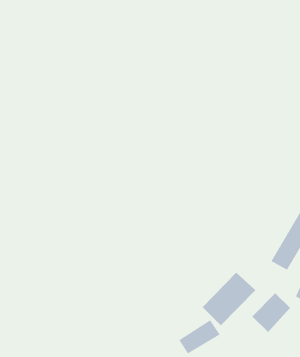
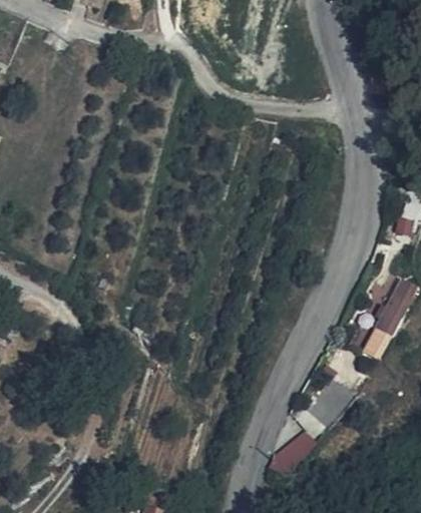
building: [252,292,291,333] -> none

